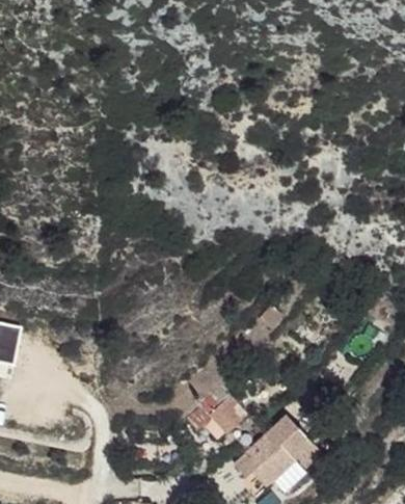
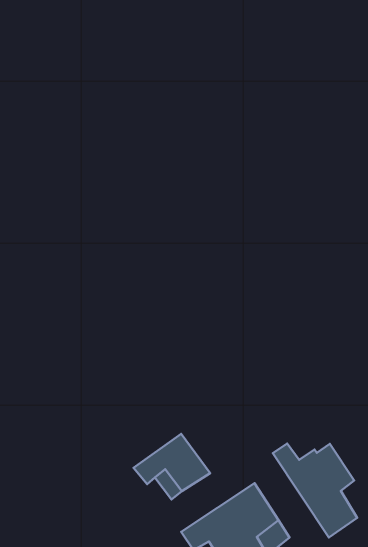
building: none -> [273,443,357,537]

